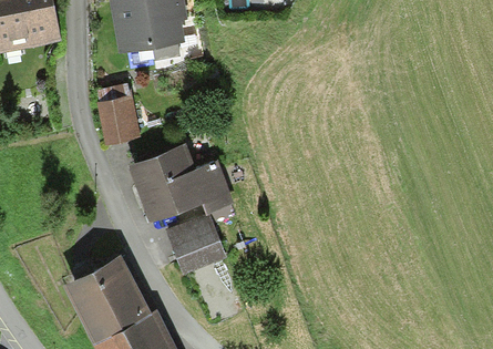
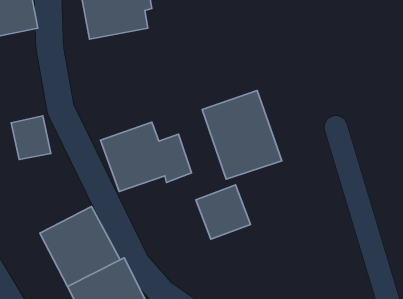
building: [96,96,141,145] -> [11,116,51,159]
building: none -> [202,91,282,179]
building: [164,213,225,274] -> [196,185,250,239]

